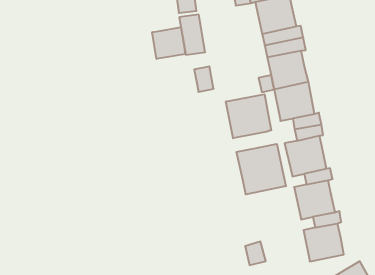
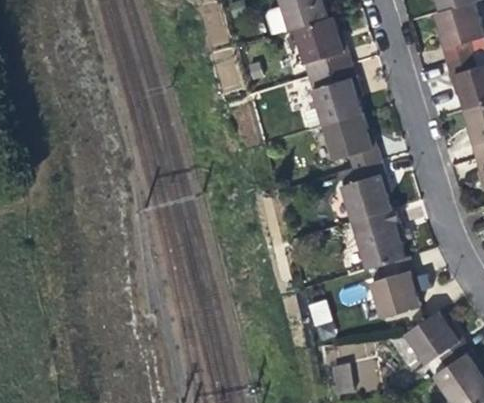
building: [152,27,185,59] -> none
building: [226,94,271,138] -> none
building: [237,144,286,194] -> none

